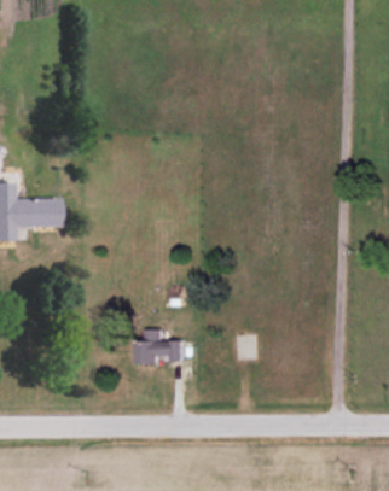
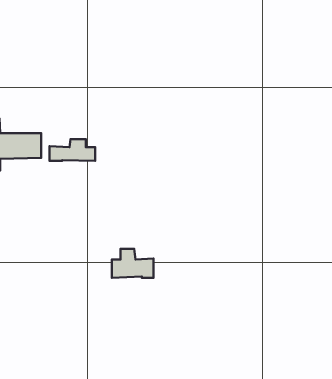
building: none -> [49,139,95,161]

